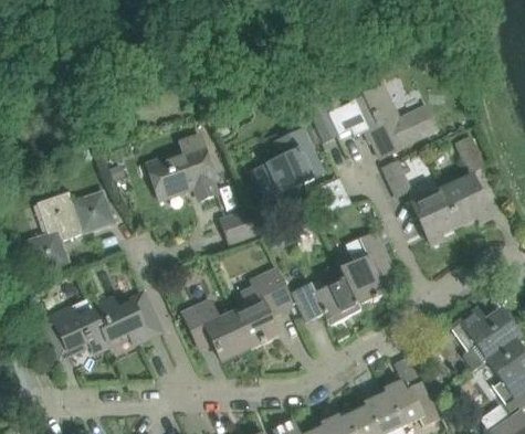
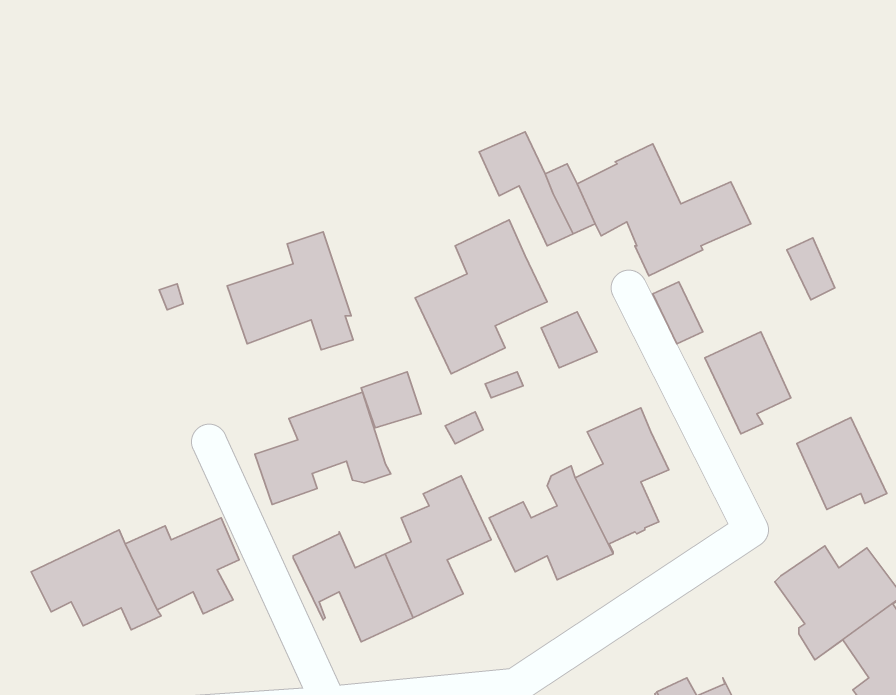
building: [442,174,492,225] -> [797,417,887,509]
building: [27,191,114,272] -> none
building: none -> [255,392,391,504]

